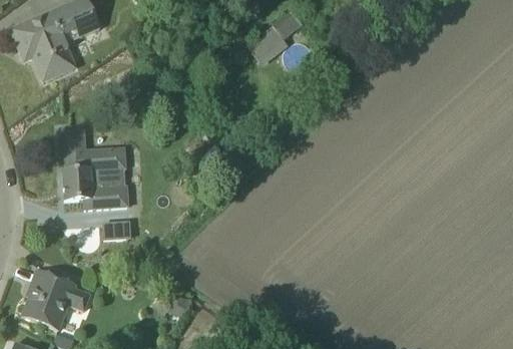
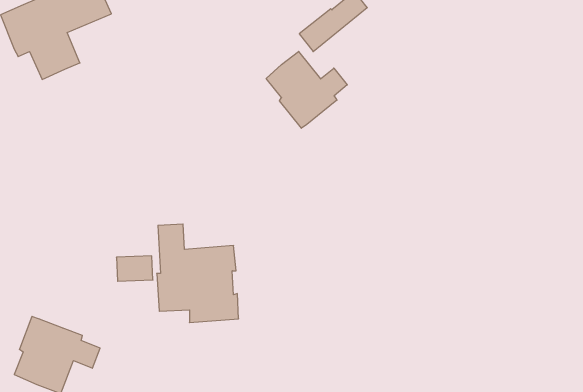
building: none -> [266,51,347,128]
building: [62,129,127,208] -> [157,224,239,323]

